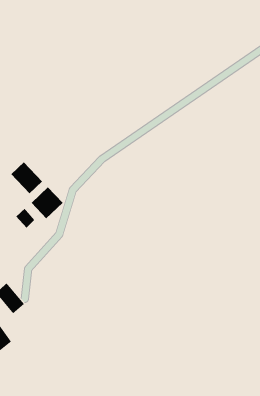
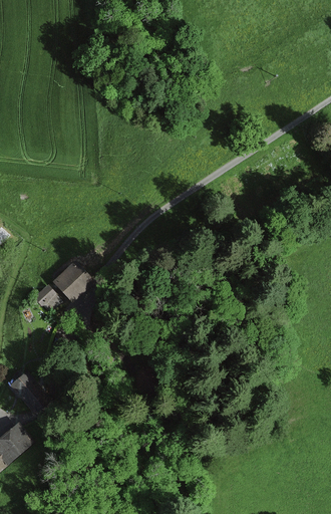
building: [11,161,43,194] -> none

